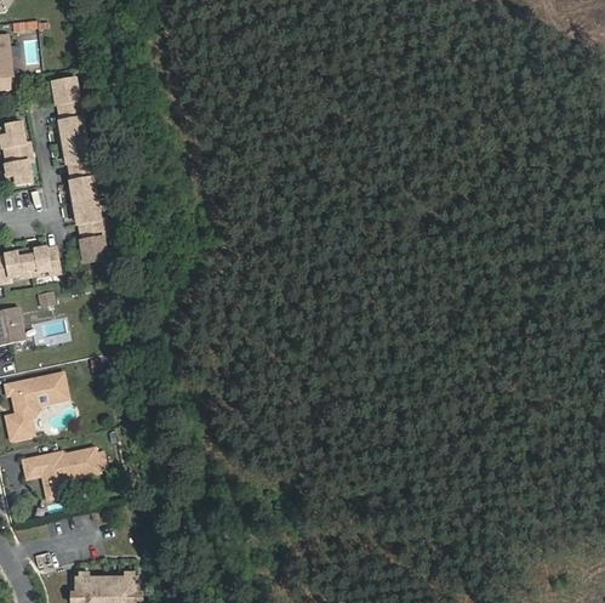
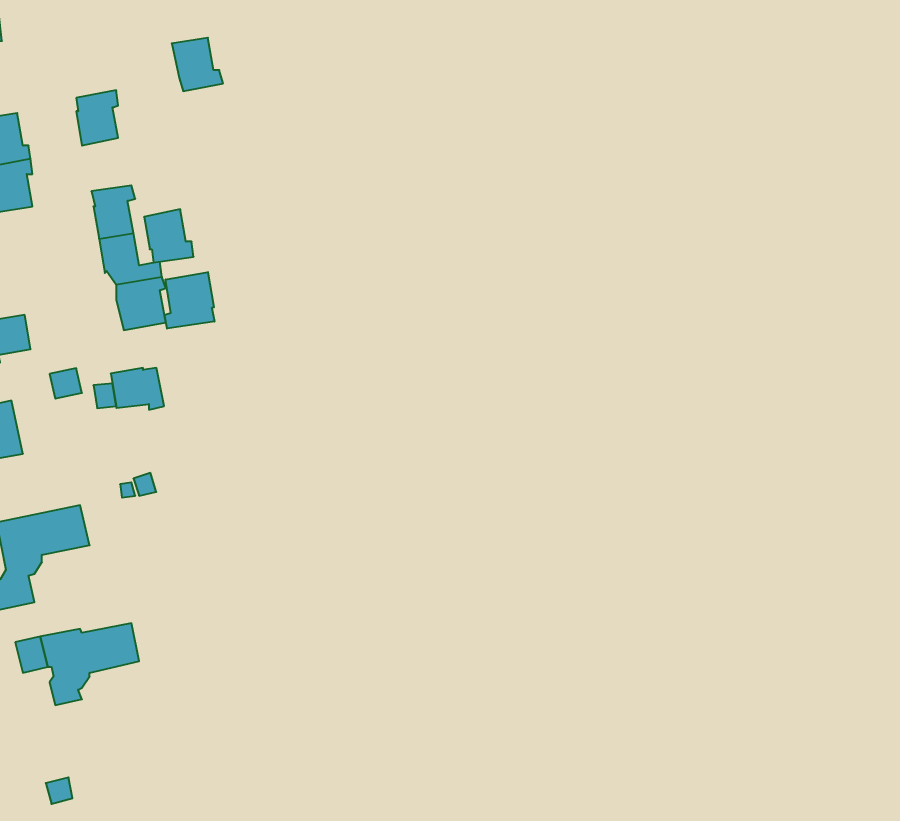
building: [51,79,84,113] -> [172,38,223,91]
building: [62,138,93,172] -> [144,209,194,263]
building: none -> [164,272,214,329]
building: [25,248,59,274] -> [111,368,164,410]

